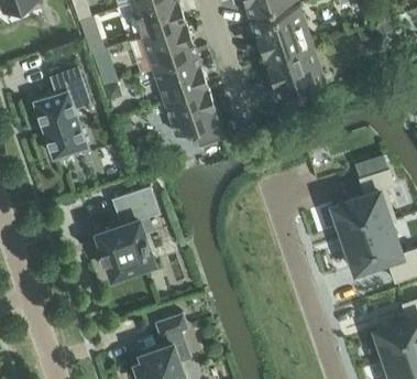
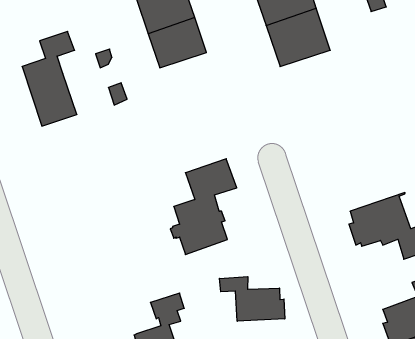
building: [164,87,223,147] -> none
building: [329,169,395,237] -> none
building: [97,185,160,275] -> [170,159,237,255]
building: none -> [219,277,285,321]

